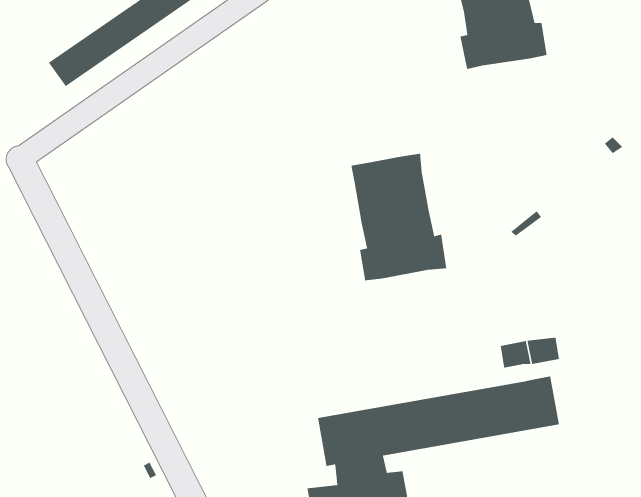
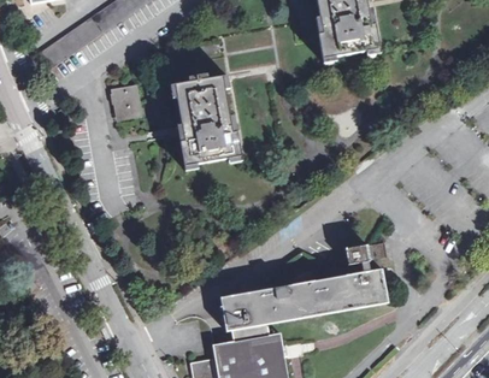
building: none -> [110,87,139,119]
building: [350,153,447,281] -> [173,78,240,166]

